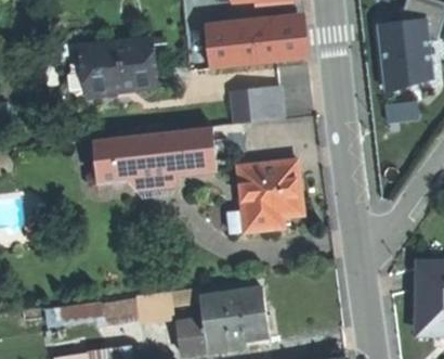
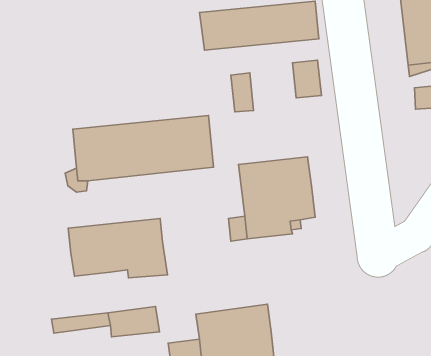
building: [80,38,153,93] -> none
building: [246,86,280,121] -> none
building: none -> [68,219,167,278]

